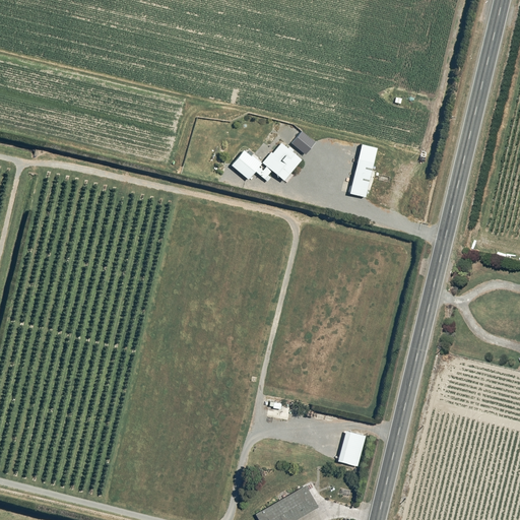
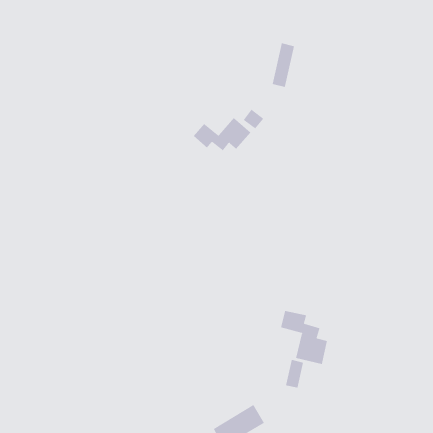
building: [349,143,377,197] -> [272,43,295,88]
building: none -> [281,310,327,365]

